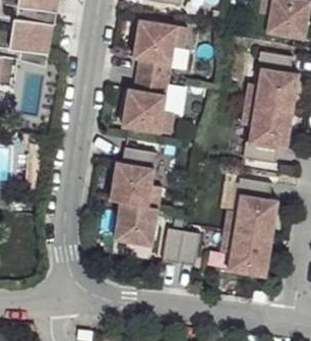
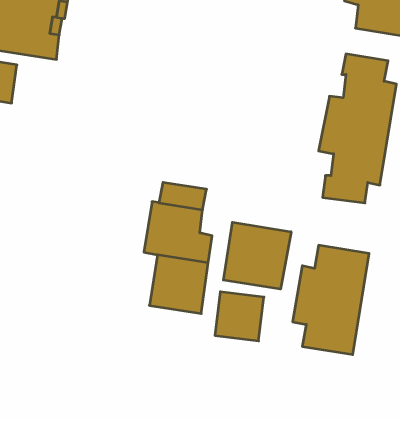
building: [125,18,190,132] -> none
building: none -> [223,222,291,289]

